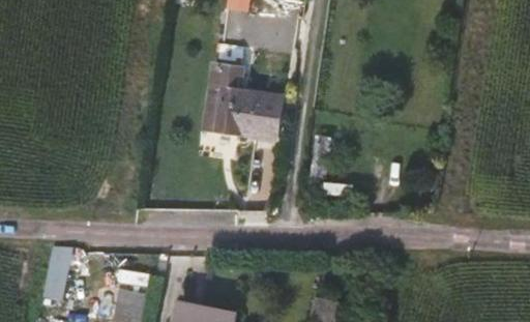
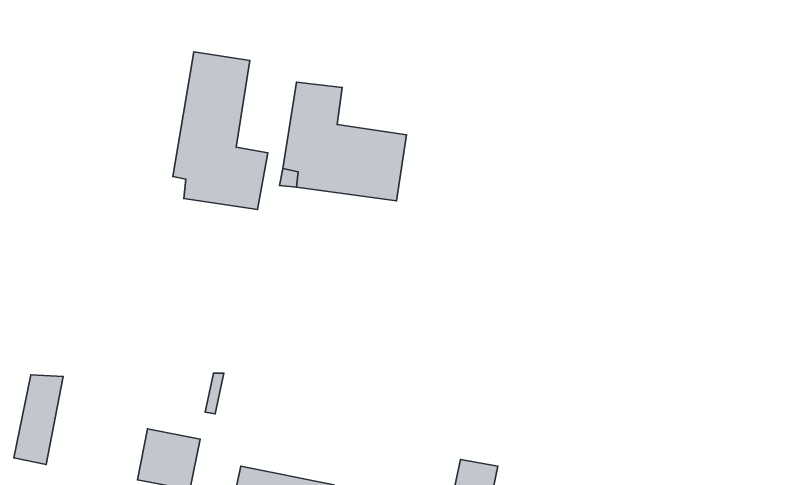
building: none -> [173,52,268,210]

